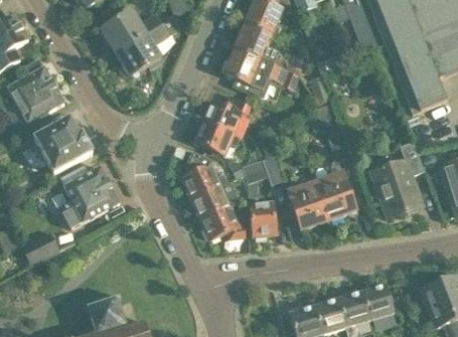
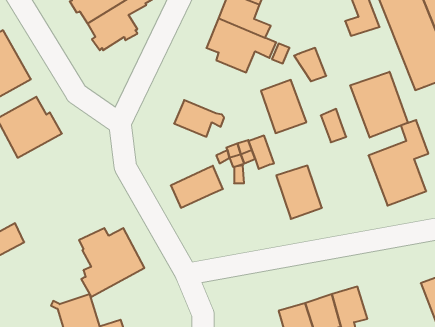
building: [203,95,246,134] -> none
building: none -> [350,72,408,138]
building: [181,150,227,199] -> none
building: [60,166,120,228] -> [79,228,144,297]
building: [315,171,356,219] -> [261,80,306,133]
building: [250,202,277,235] -> none
building: [200,206,245,240] -> none
building: [360,284,394,320] -> none

